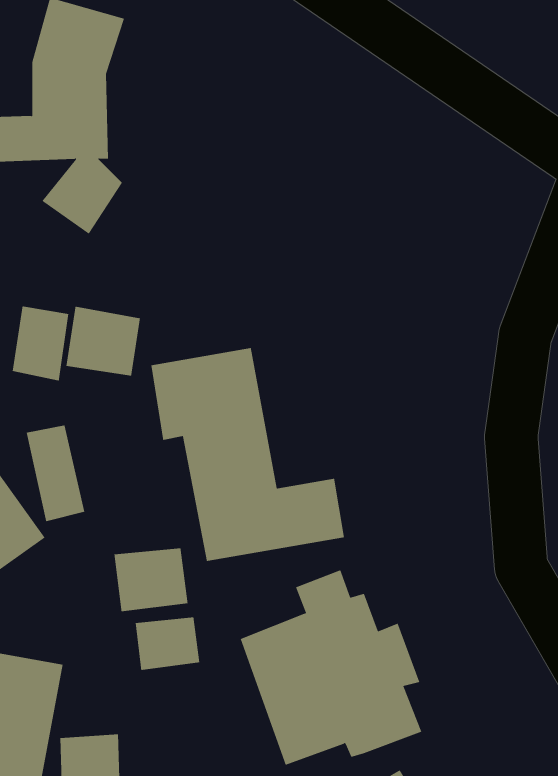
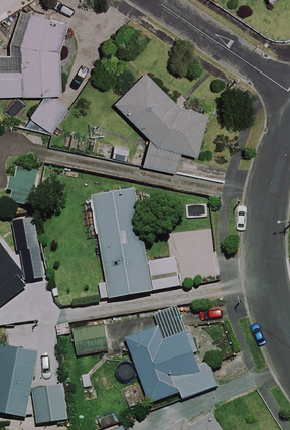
building: none -> [111,69,206,172]
building: [66,306,140,377] -> none
building: [114,547,188,612] -> none

